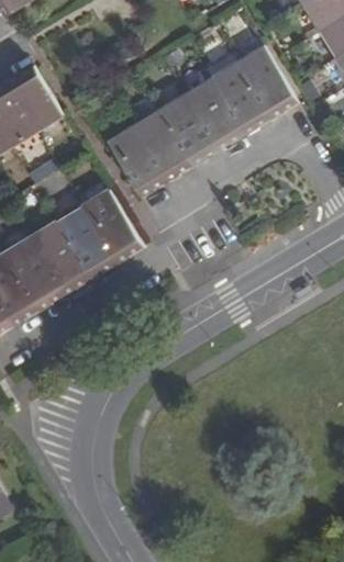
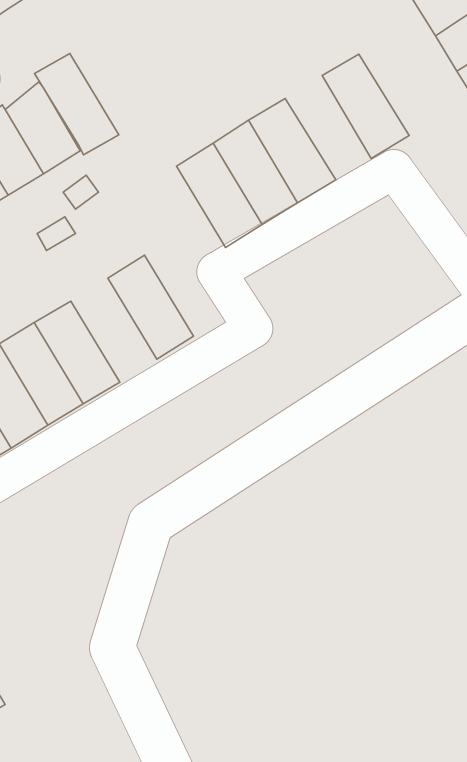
building: [211,59,273,134] -> none
building: [108,124,168,196] -> [35,54,119,155]
building: [57,204,119,279] -> none

